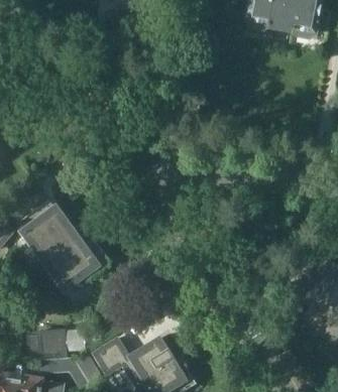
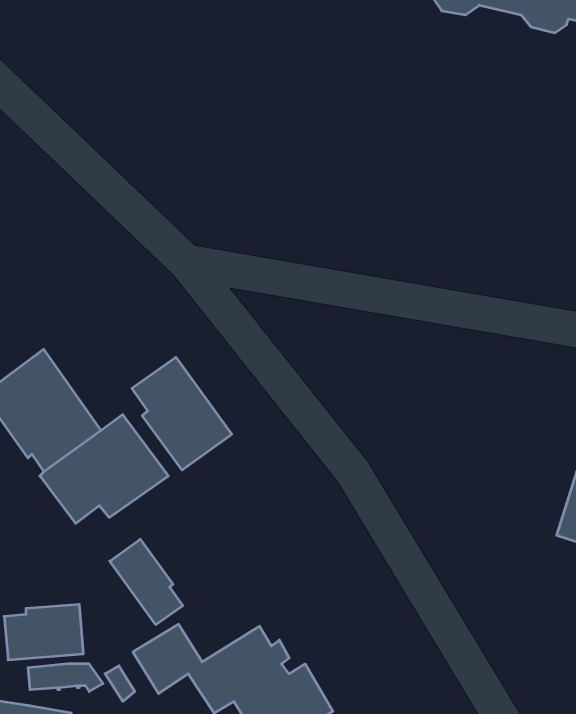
building: none -> [132,357,232,470]
building: none -> [110,539,183,625]

